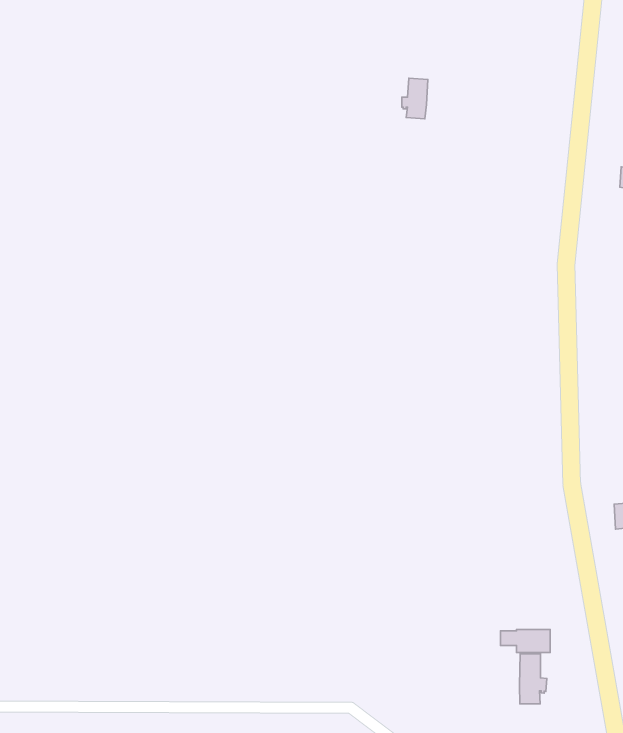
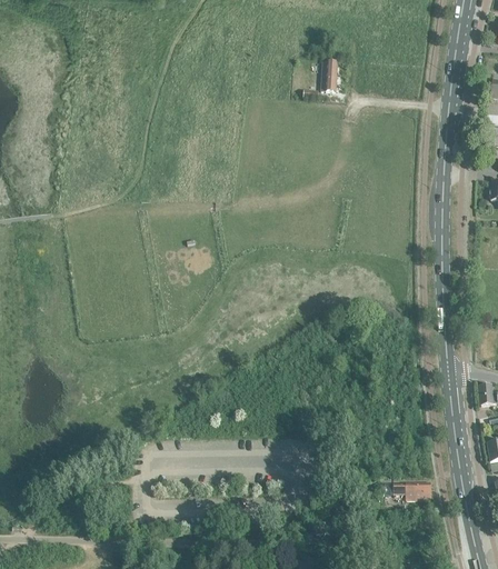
building: [520,654,547,704] -> none

